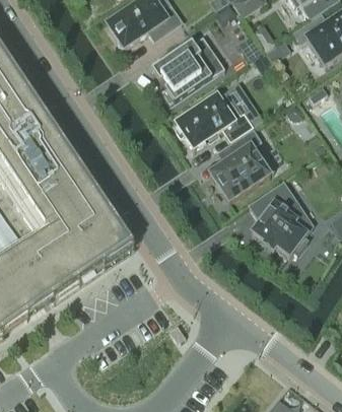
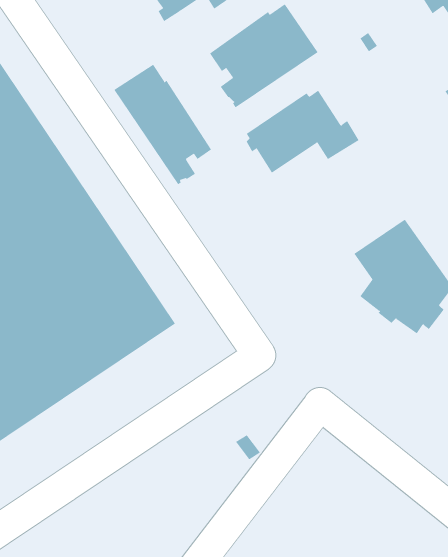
building: none -> [114,64,212,185]
building: [209,126,274,200] -> none

